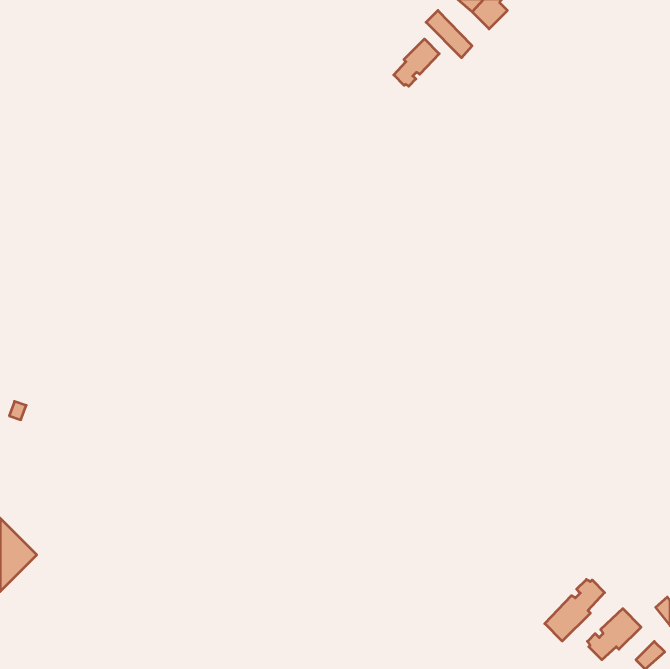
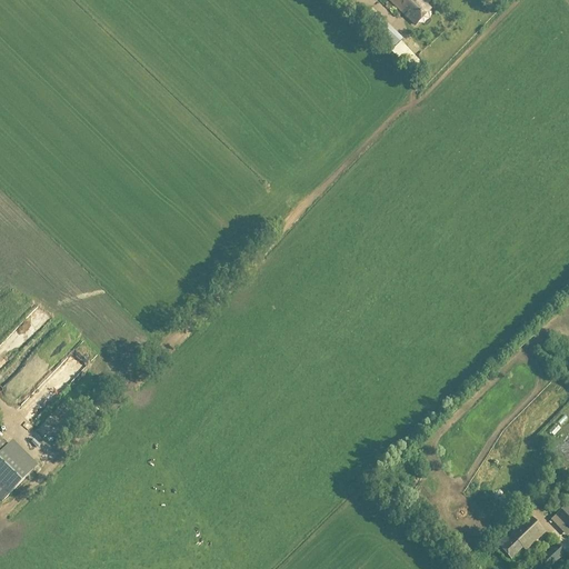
building: [394,39,439,86] -> none
building: [545,579,605,641] -> none

